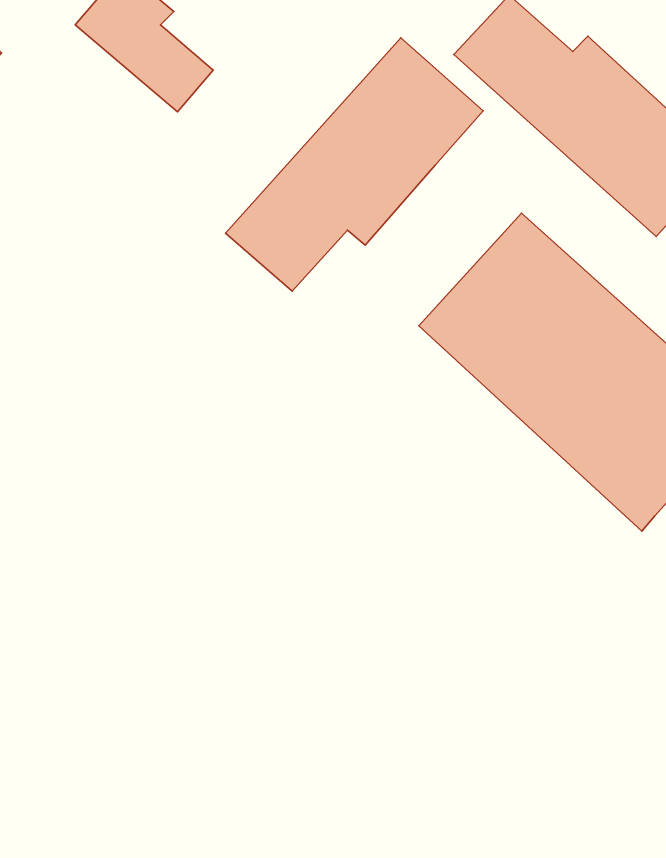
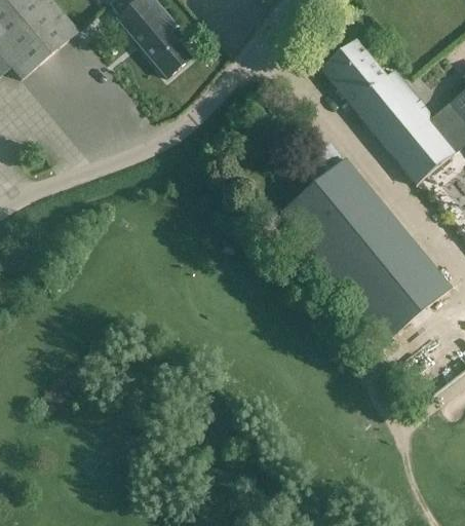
building: [226,38,483,291] -> none

